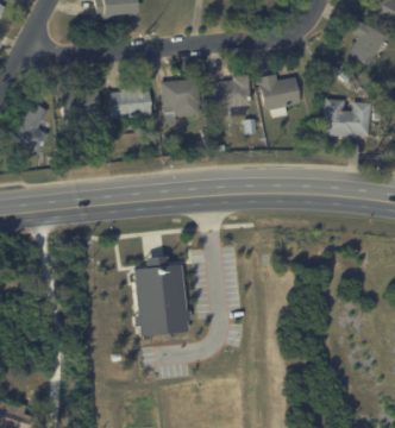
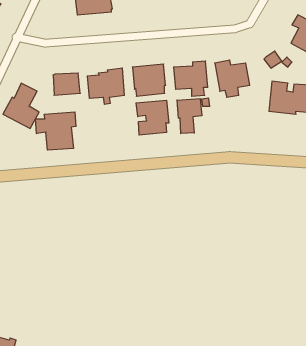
building: none -> [177,99,202,134]
building: none -> [136,100,169,135]
building: none -> [35,112,76,150]
building: [130,254,189,333] -> none

